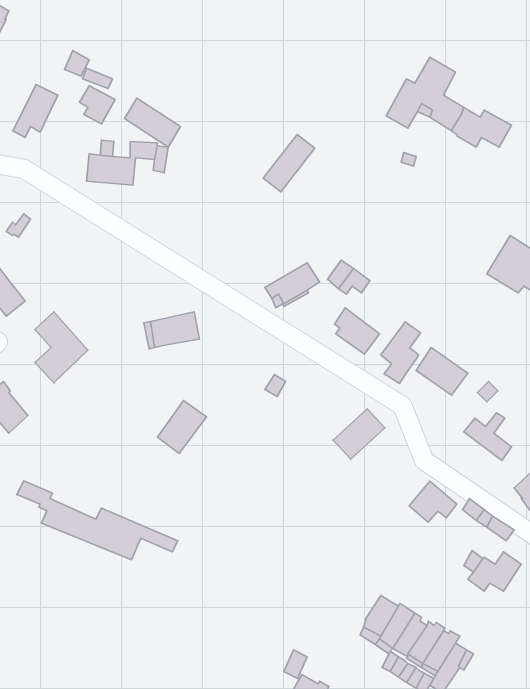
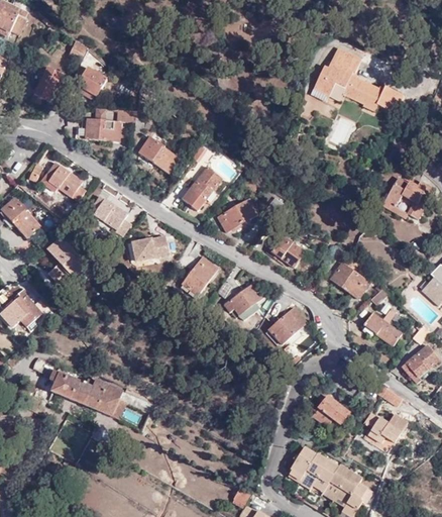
building: [125,98,180,147] -> [138,137,180,174]
building: [263,135,315,192] -> [182,167,220,209]
building: none -> [41,162,85,201]
building: none -> [91,197,129,236]
building: [381,322,421,384] -> none
building: none -> [223,281,263,319]
building: [157,400,206,454] -> [181,255,217,295]
building: [409,481,457,522] -> [312,395,347,425]

